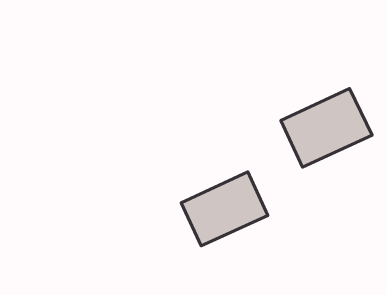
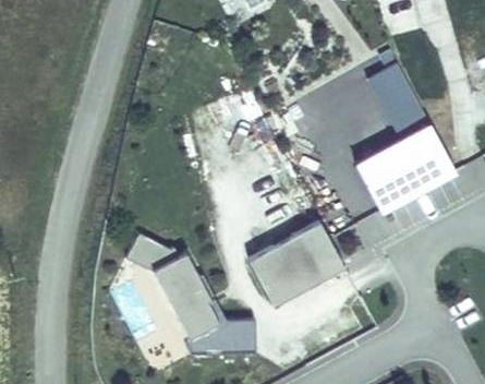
building: none -> [129,236,257,355]

